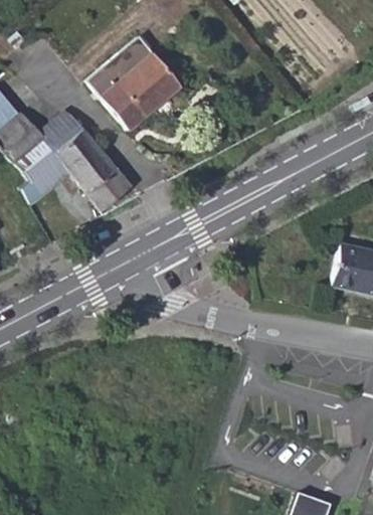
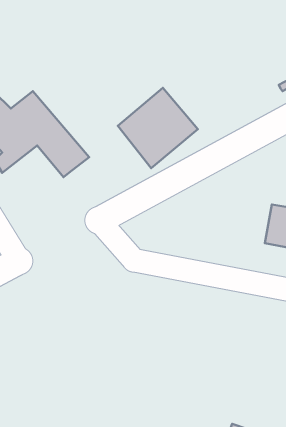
building: [89,38,181,130] -> [118,88,198,168]

